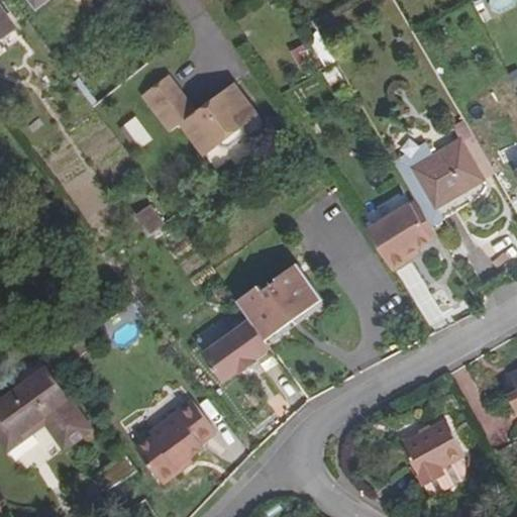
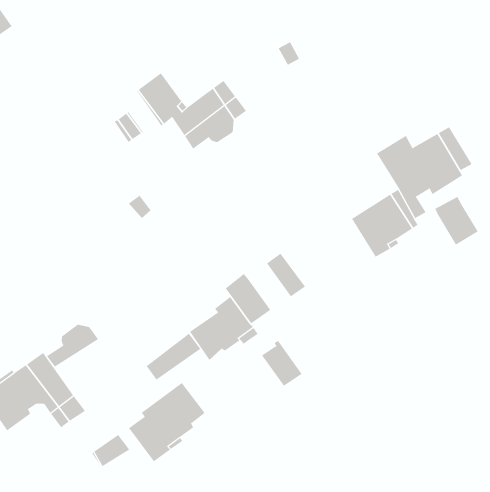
building: none -> [434,196,479,246]
building: [261,276,304,324] -> [261,340,303,386]
building: none -> [46,324,99,368]
building: none -> [146,333,201,381]
building: [400,415,463,482] -> none

